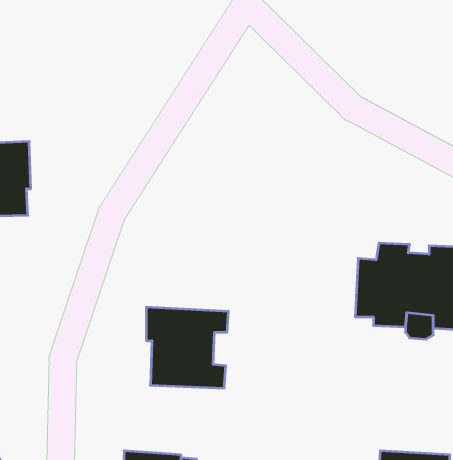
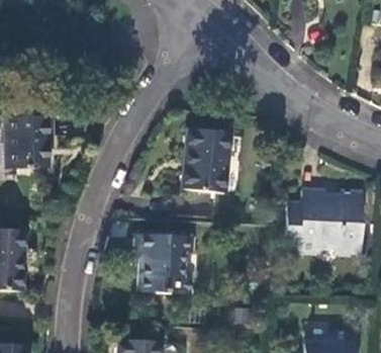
building: none -> [181,127,229,192]

